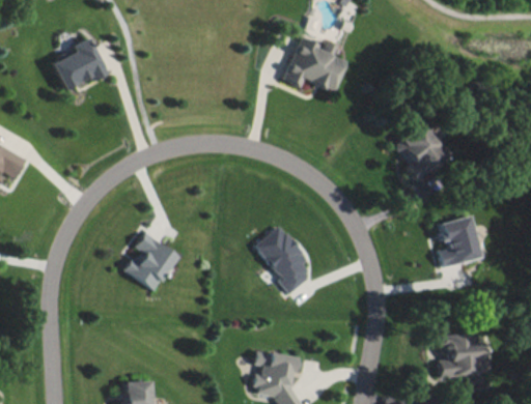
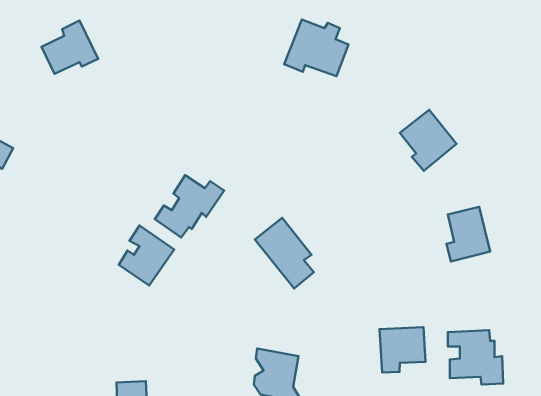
building: none -> [155,175,224,237]
building: none -> [380,327,425,372]

